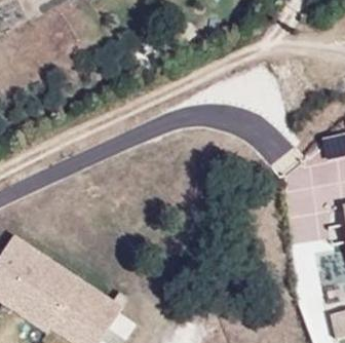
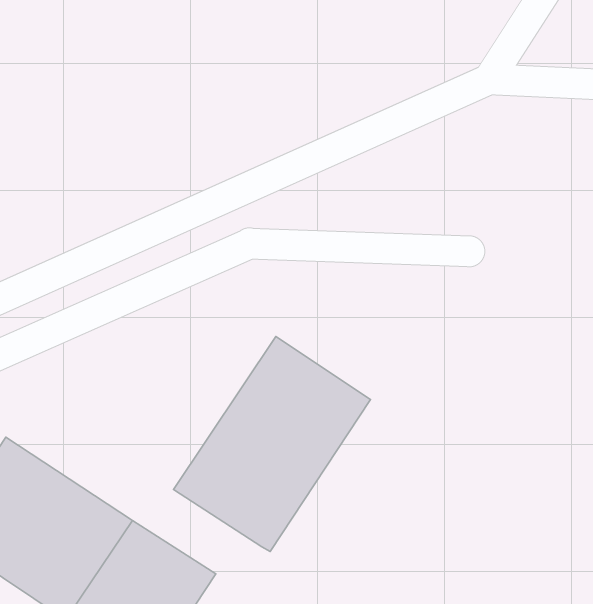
building: none -> [173,336,371,551]

